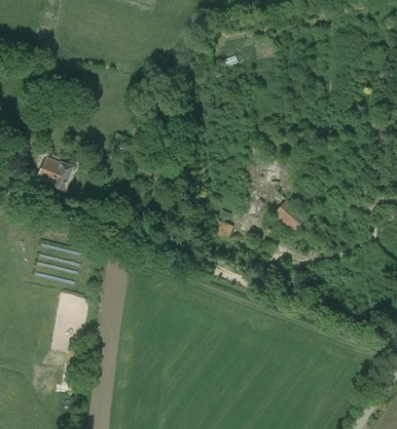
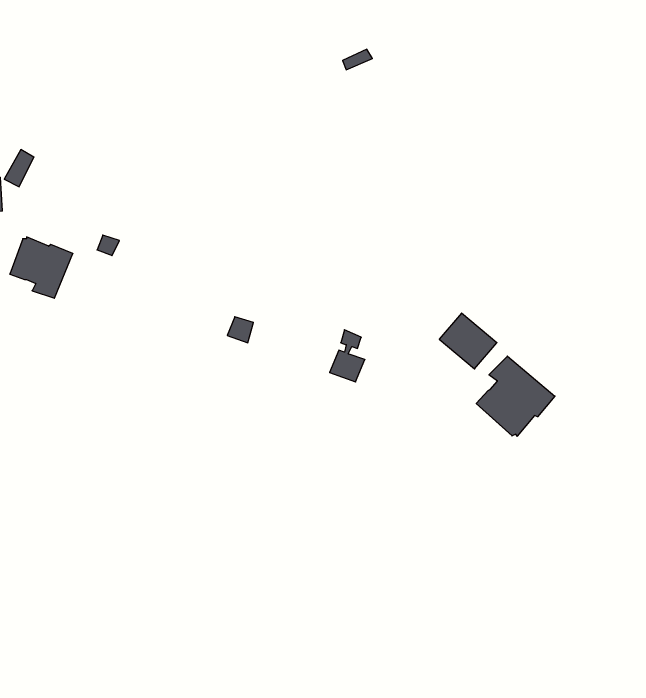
building: none -> [476,356,555,436]

